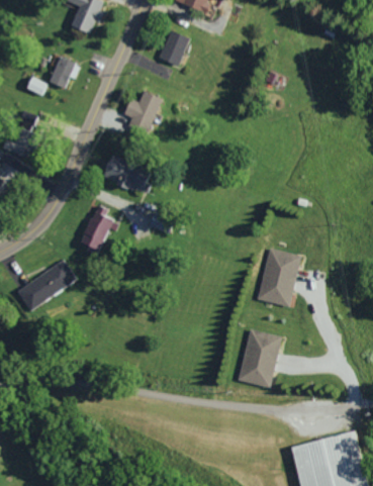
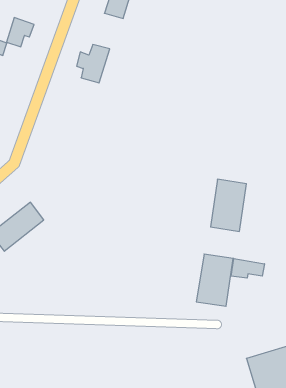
building: [102,158,146,192] -> none
building: [79,205,112,252] -> none
building: none -> [231,258,264,278]

